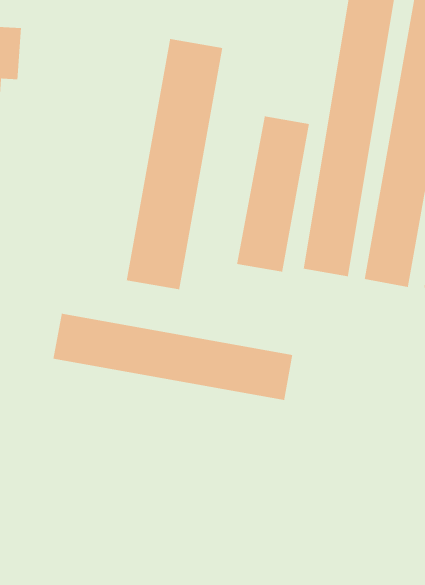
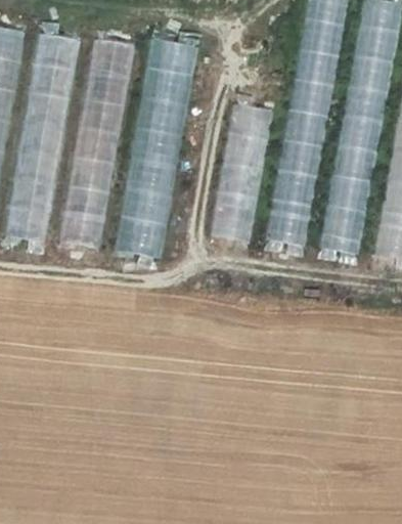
building: none -> [9,28,77,239]
building: none -> [63,34,131,256]
building: [53,313,293,401] -> none

